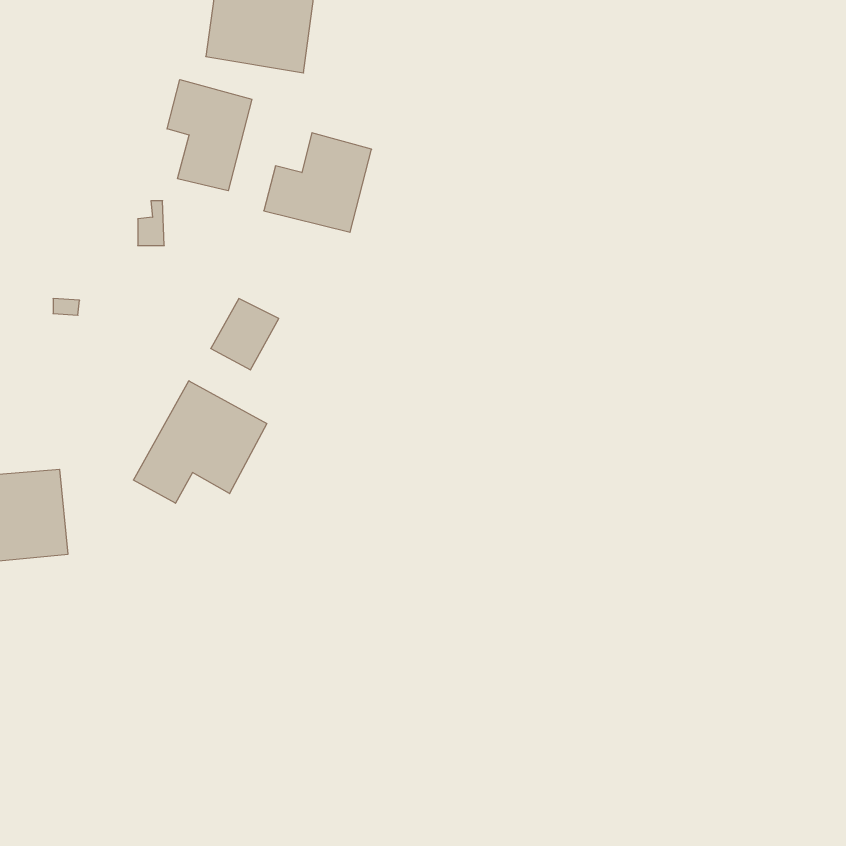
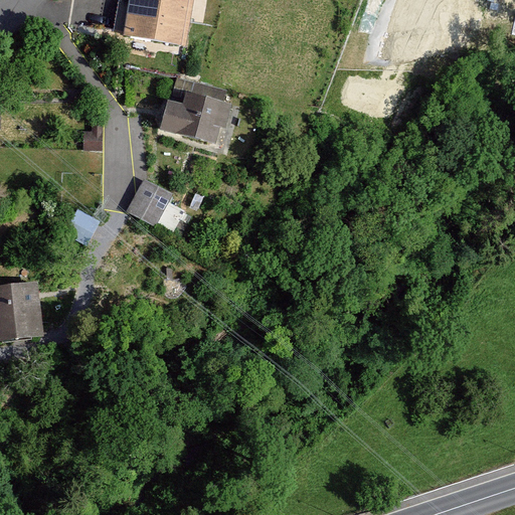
building: [167,80,252,191] -> none
building: [133,381,267,503] -> none

